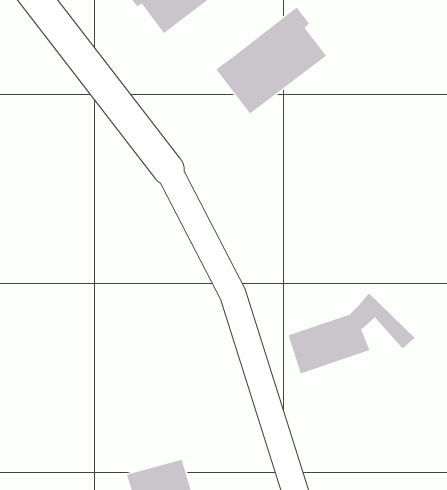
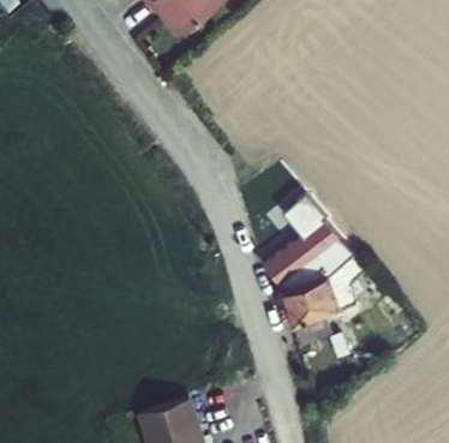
building: [215,6,327,115] -> none
building: none -> [267,212,346,288]

